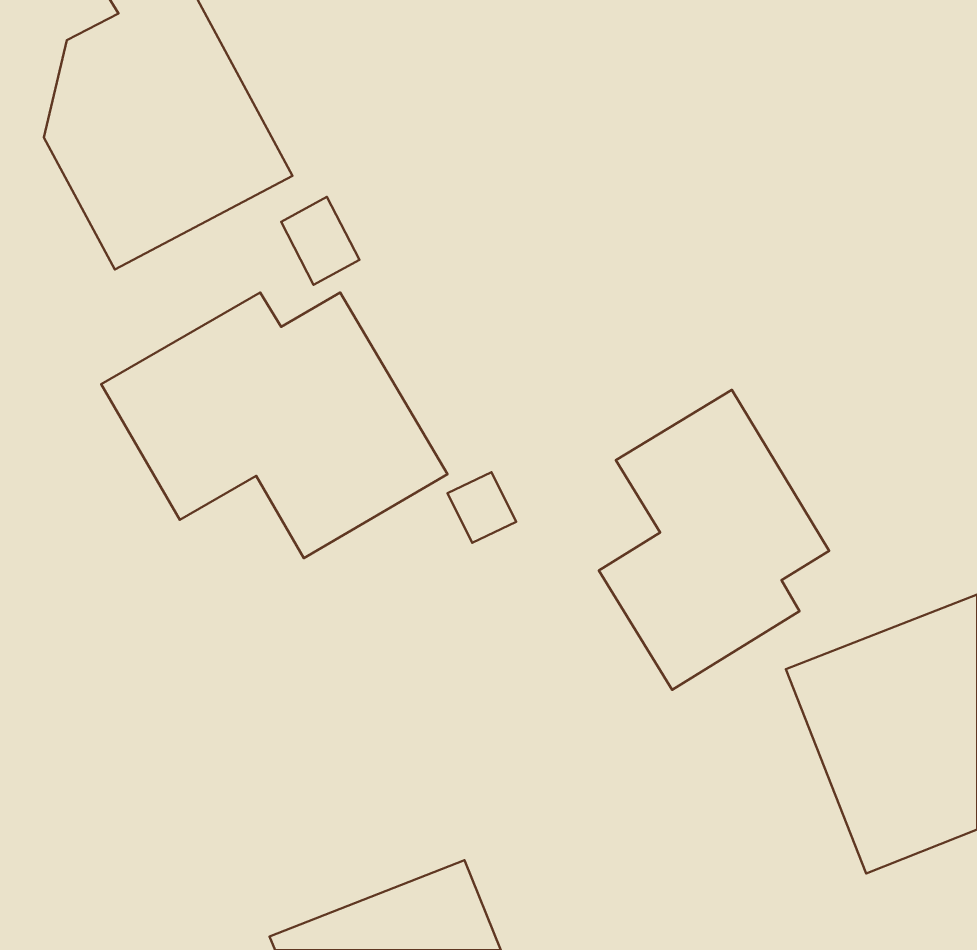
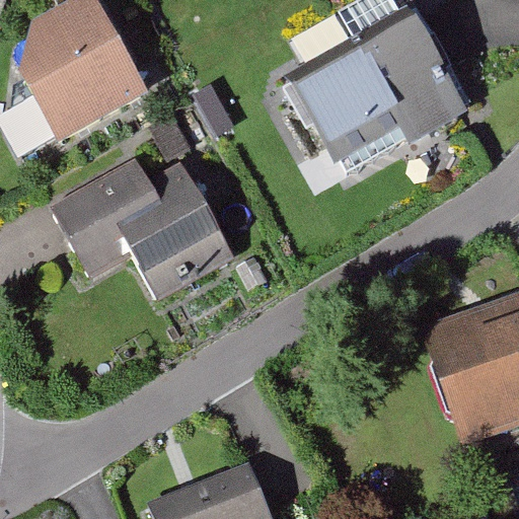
building: none -> [271,5,468,173]
building: [599,390,829,690] -> none

